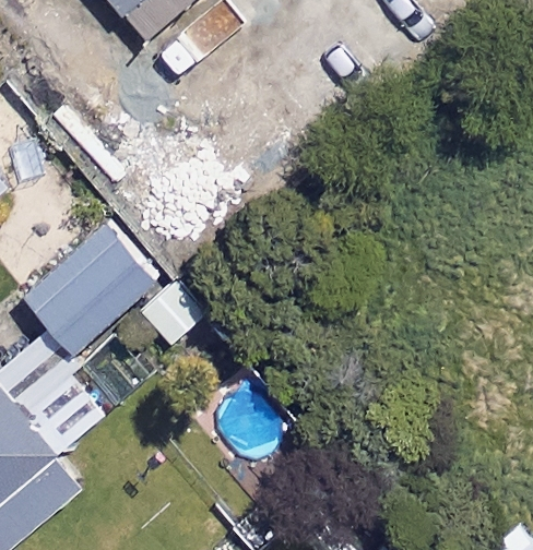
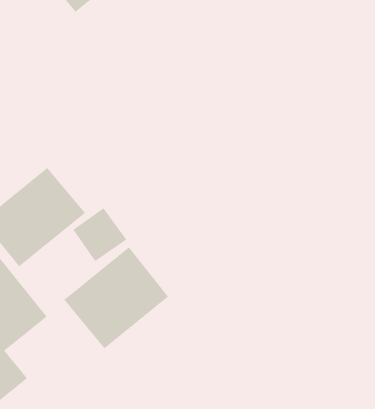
building: none -> [64,246,169,349]

